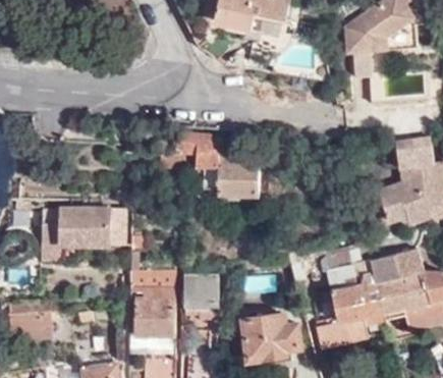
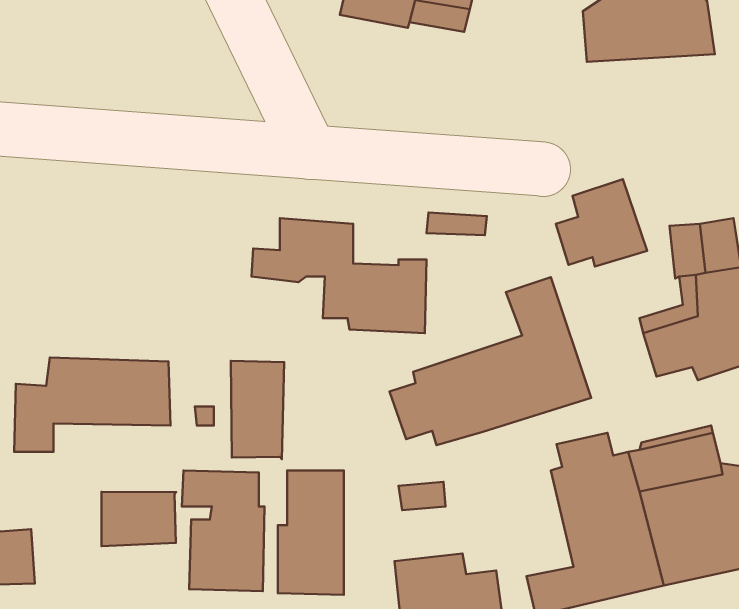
building: none -> [556,179,647,267]
building: none -> [390,277,591,445]
building: none -> [231,361,284,459]
building: none -> [102,492,176,546]

